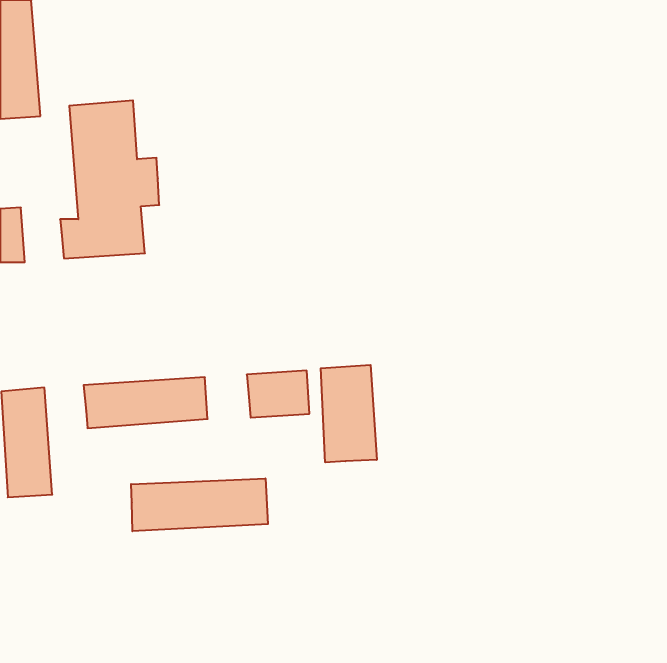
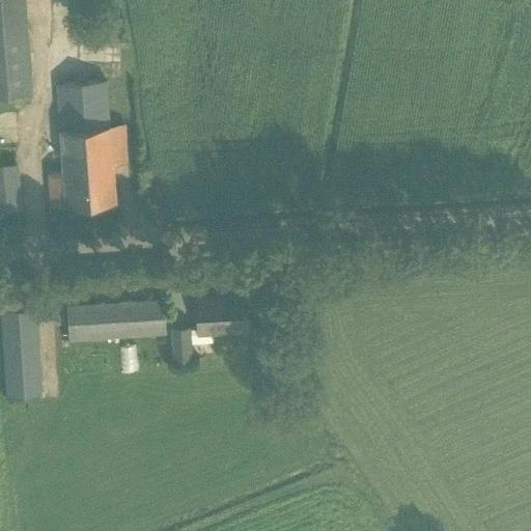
building: [321,365,377,462] -> none
building: none -> [171,331,192,361]
building: [131,478,268,531] -> none

